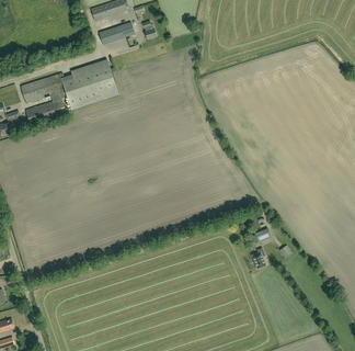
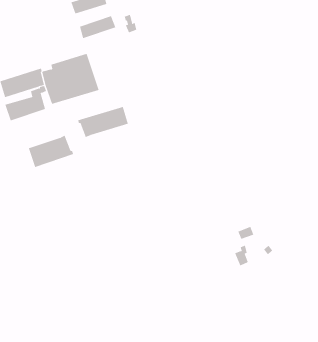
building: none -> [78,106,128,138]
building: none -> [28,135,74,168]

